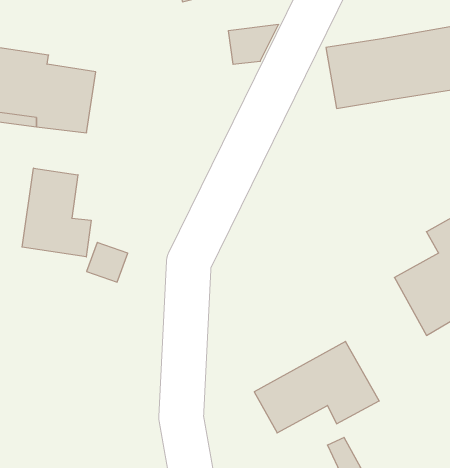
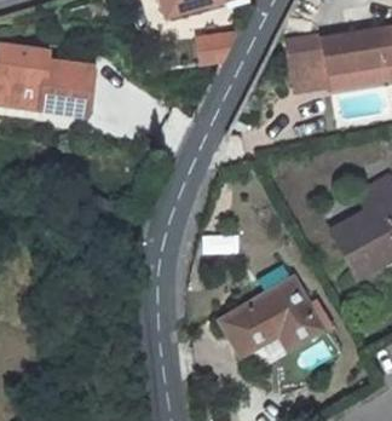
building: [22,168,91,257] -> none

